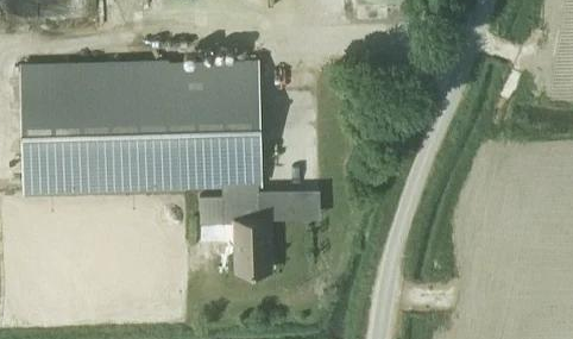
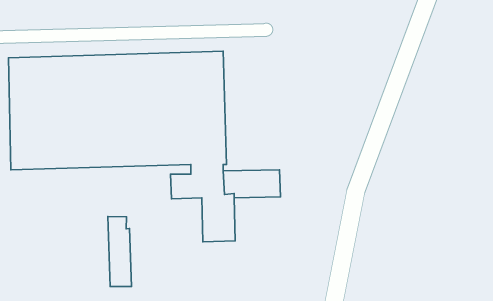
building: none -> [108,217,131,287]

